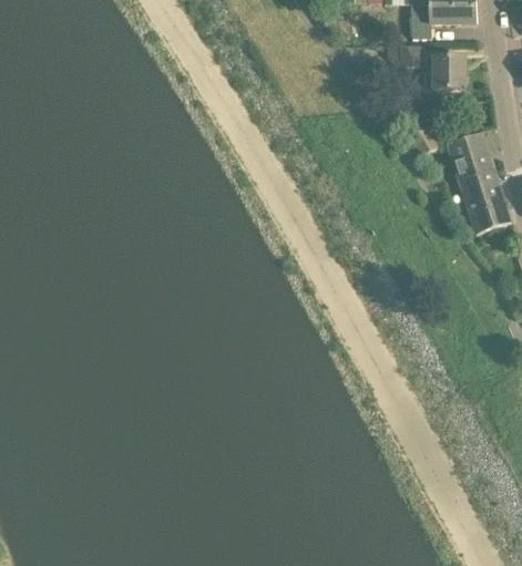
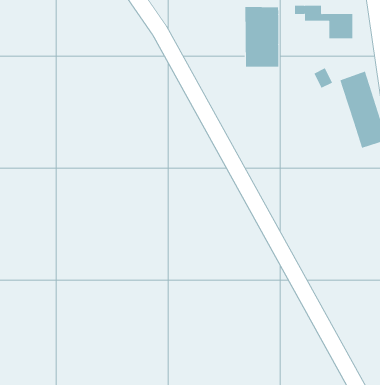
building: none -> [245,6,279,67]

